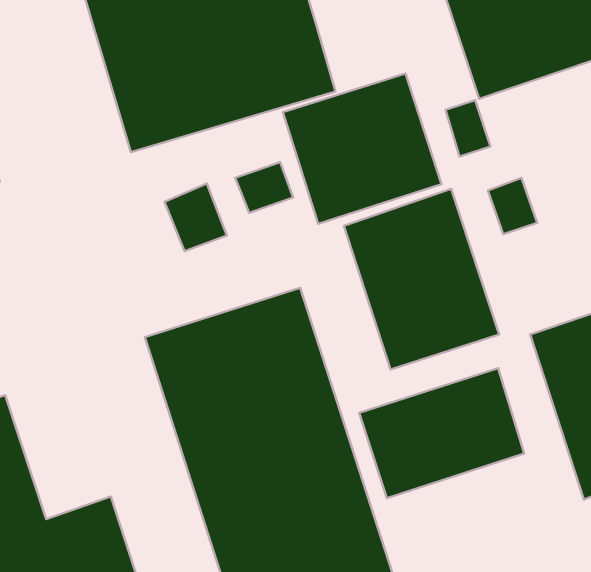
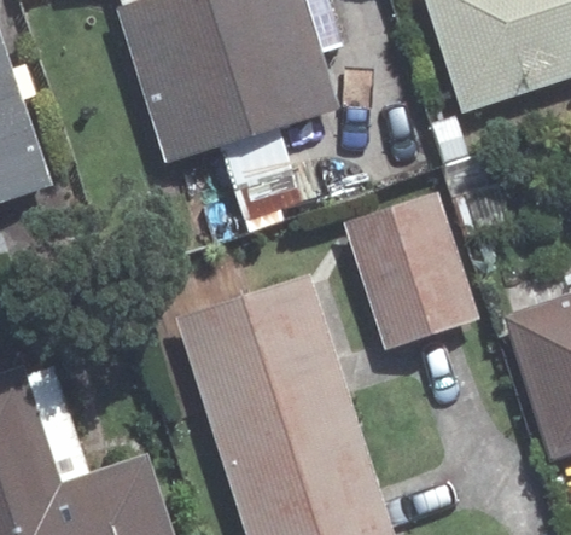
building: [283,74,441,224] -> none
building: [359,368,524,498] -> none

